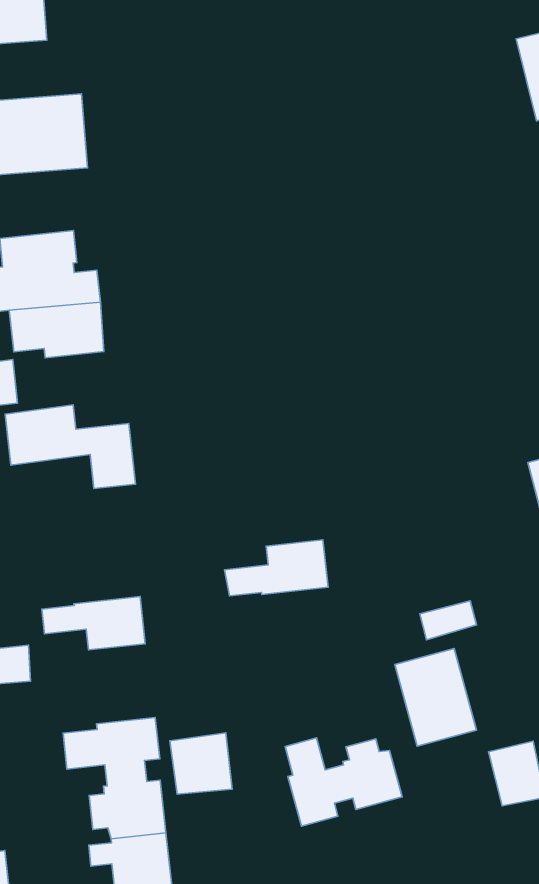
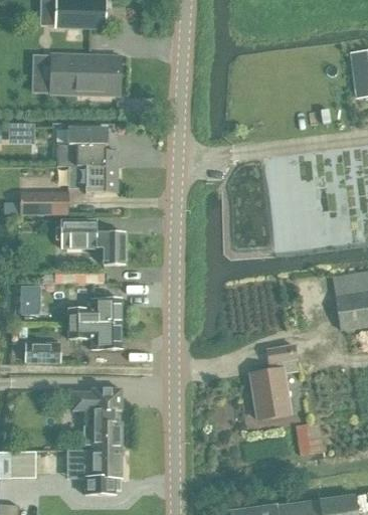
building: [225,540,328,596] -> [67,299,121,324]
building: [170,733,232,794] -> none
building: [285,738,402,826] -> none

